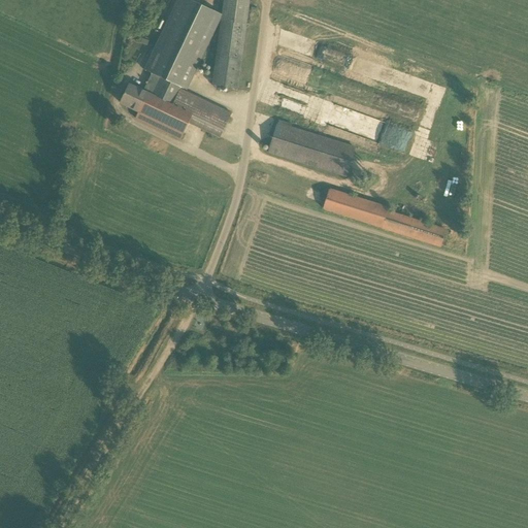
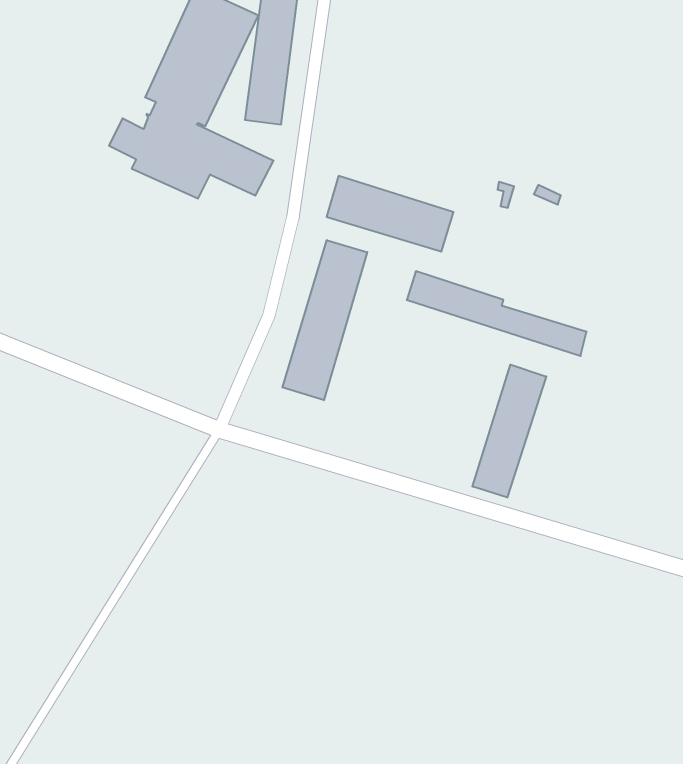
building: none -> [282,240,367,400]
building: none -> [472,365,546,498]

